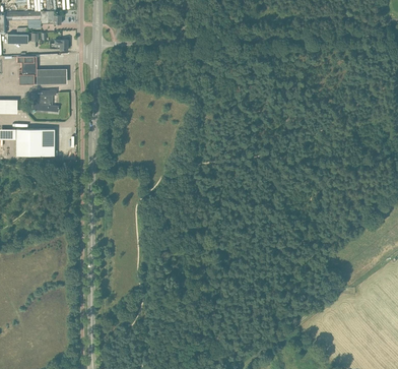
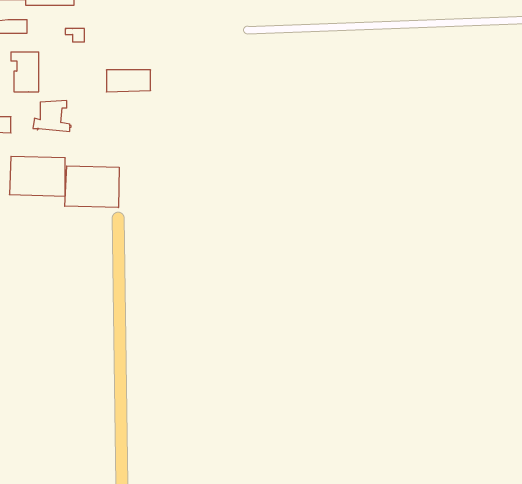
building: [37,70,67,85] -> [106,70,151,92]
building: none -> [65,166,119,208]

